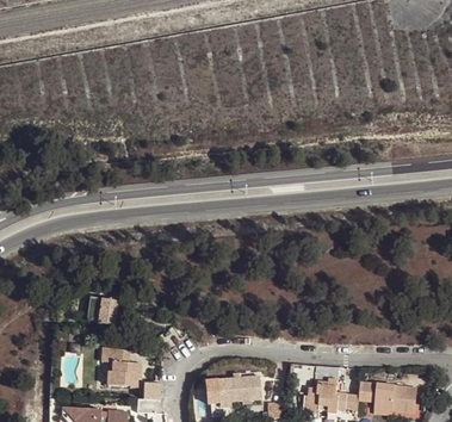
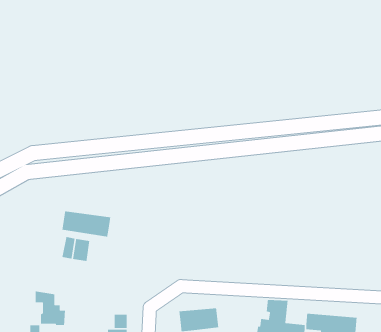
building: none -> [62,211,111,237]
building: [106,348,141,387] -> [35,290,66,326]

